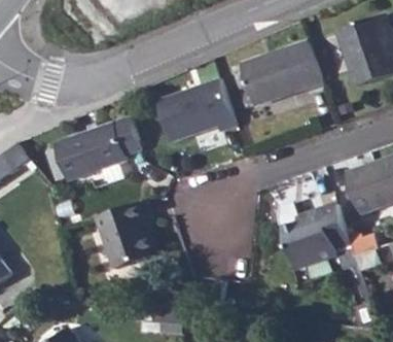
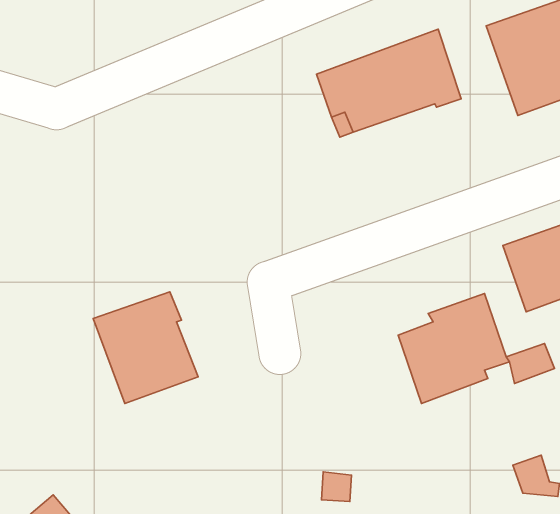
building: [156,79,236,144] -> none
building: [55,118,140,183] -> none

